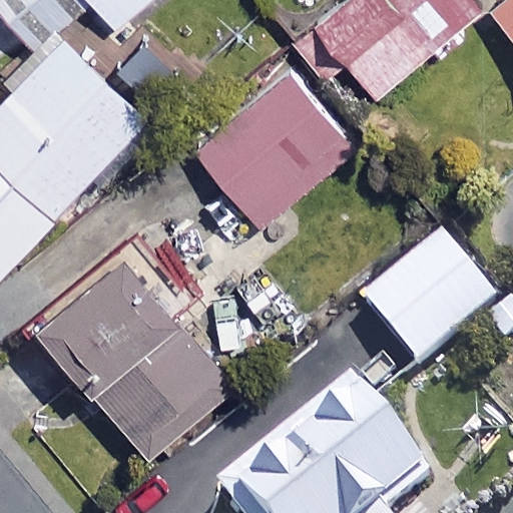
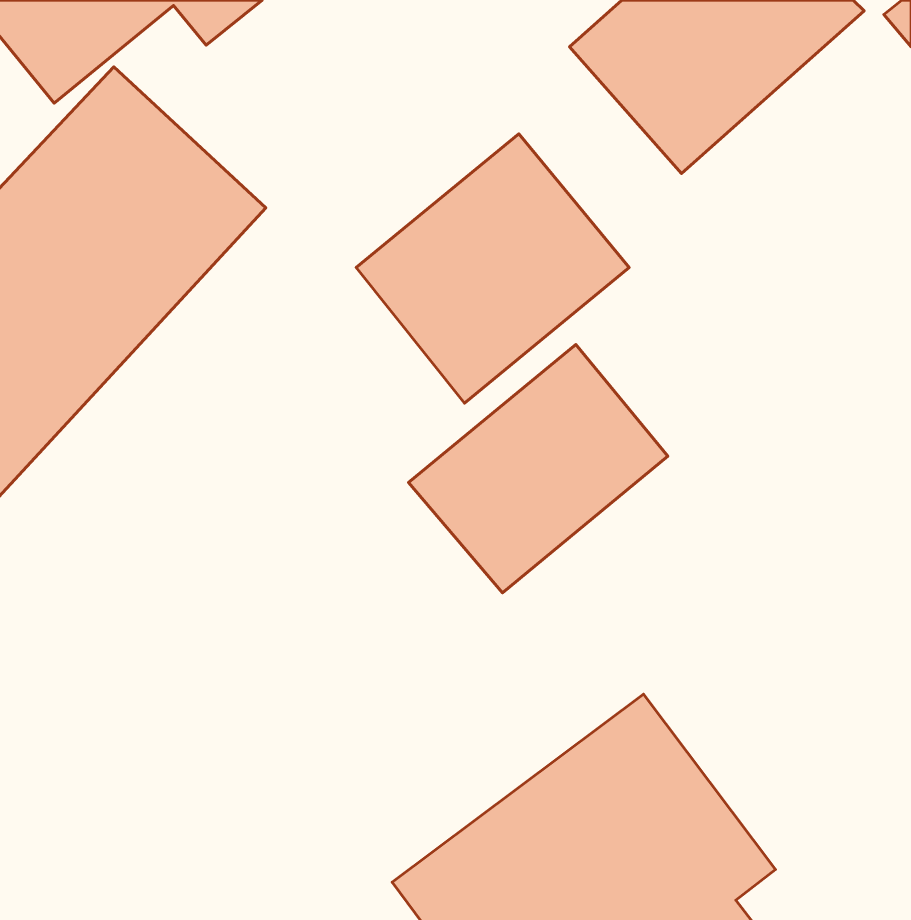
building: none -> [408,344,668,593]
building: [361,241,495,374] -> none
building: [41,258,231,454] -> none

